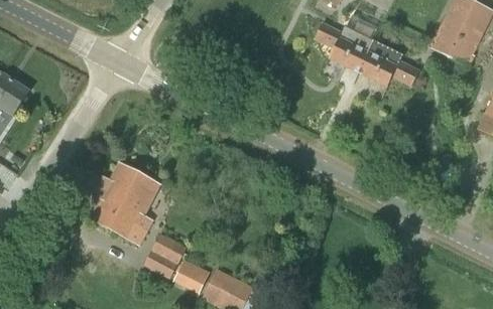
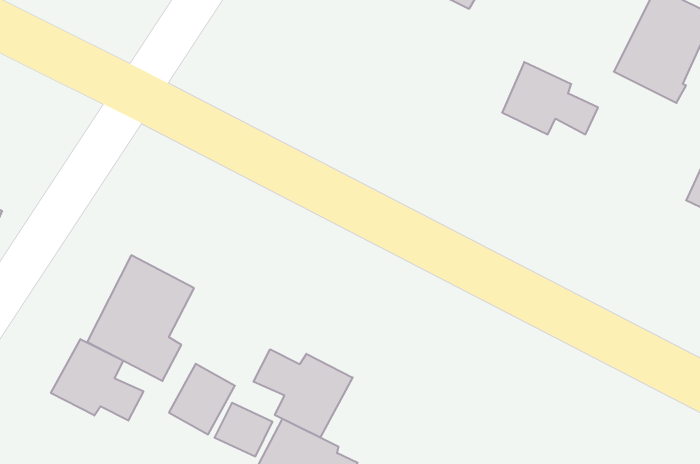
building: [315,23,371,72] -> none
building: none -> [51,339,143,421]
building: none -> [254,349,353,438]

